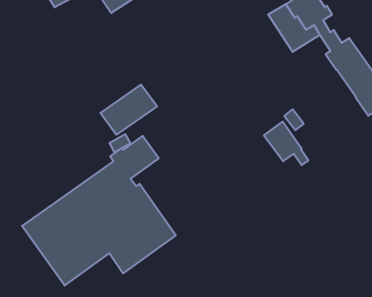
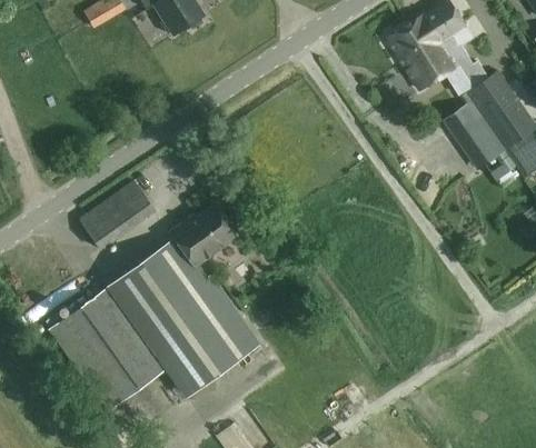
building: [100,85,157,135] -> [79,180,157,249]
building: [264,122,308,165] -> [455,113,516,173]

